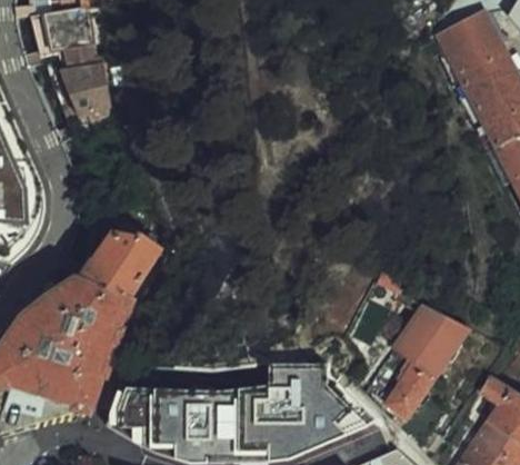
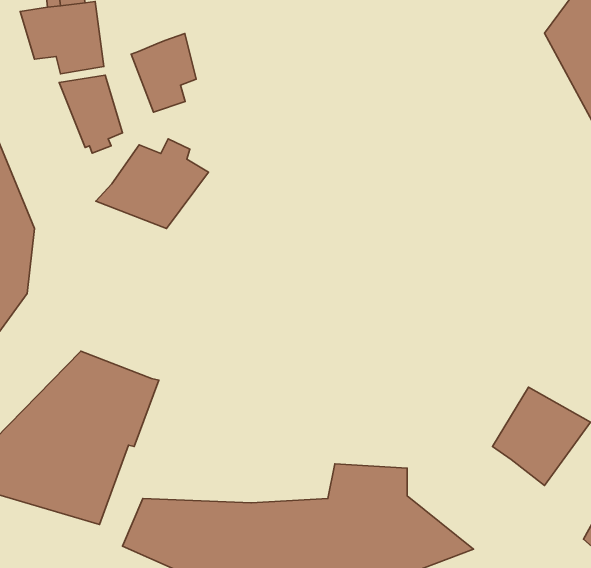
building: none -> [131,33,196,112]
building: [77,227,163,296] -> [96,139,209,228]
building: [387,358,433,417] -> none

